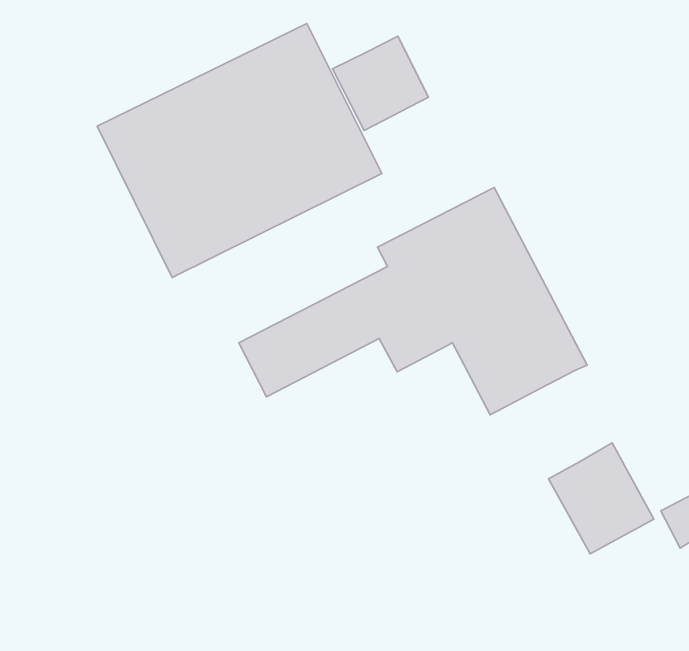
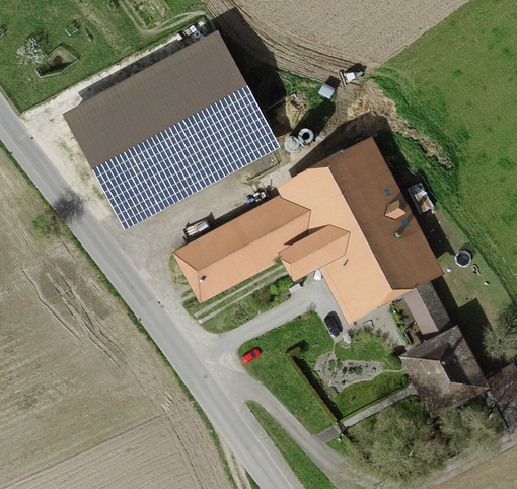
building: [332,36,429,130] -> none
building: none -> [397,282,450,349]

